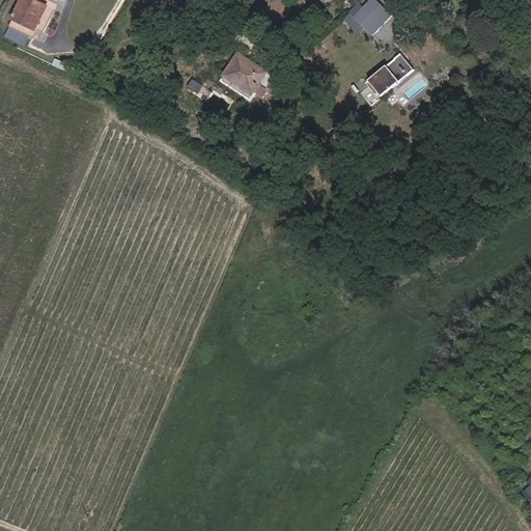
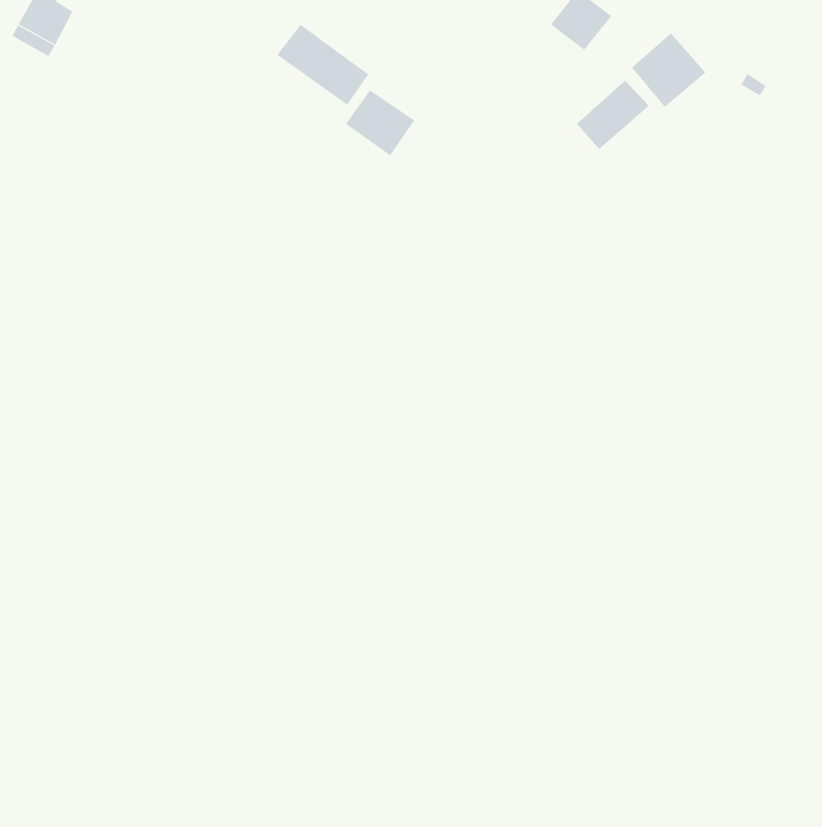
building: none -> [276,24,369,105]
building: none -> [631,32,706,108]

